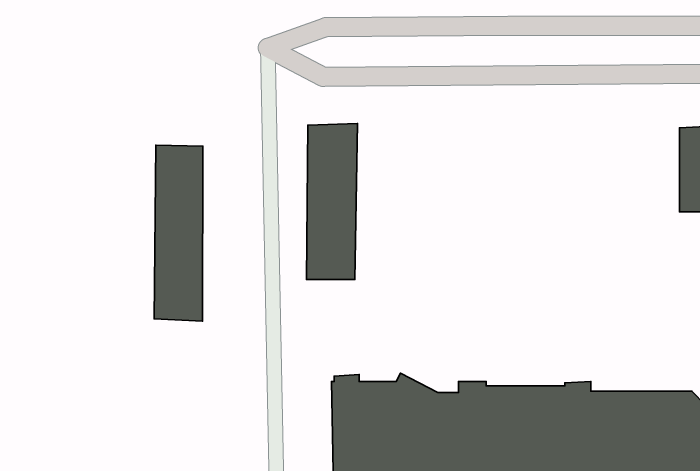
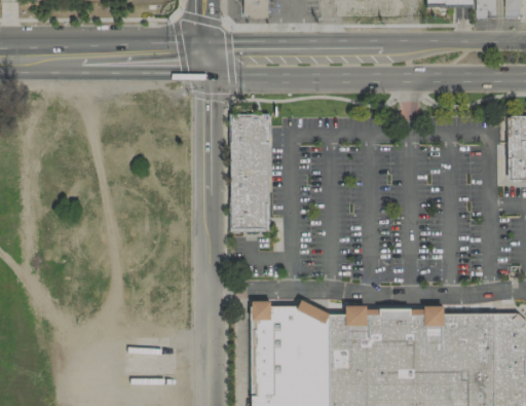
building: [154,145,203,321] -> none

